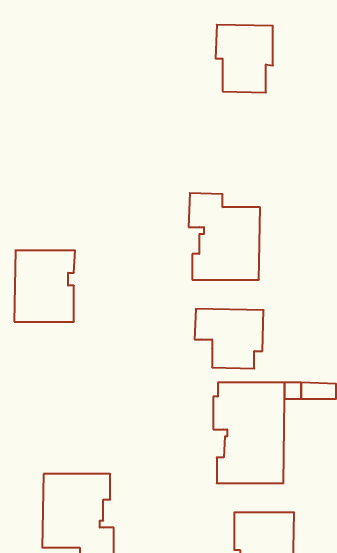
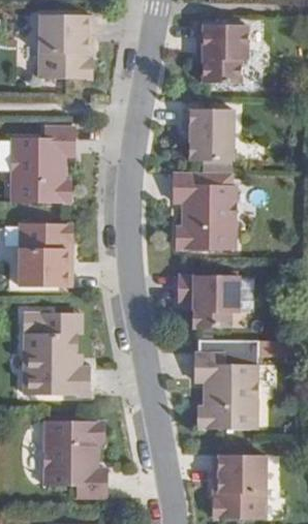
building: none -> [39,14,92,79]
building: none -> [183,109,234,160]
building: none -> [11,126,74,203]
building: none -> [24,313,89,395]

